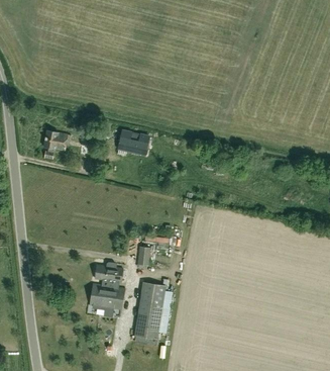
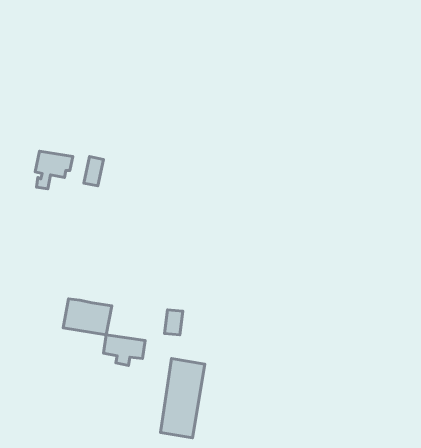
building: [118,131,149,156] -> none
building: [90,284,125,310] -> [63,299,112,335]

